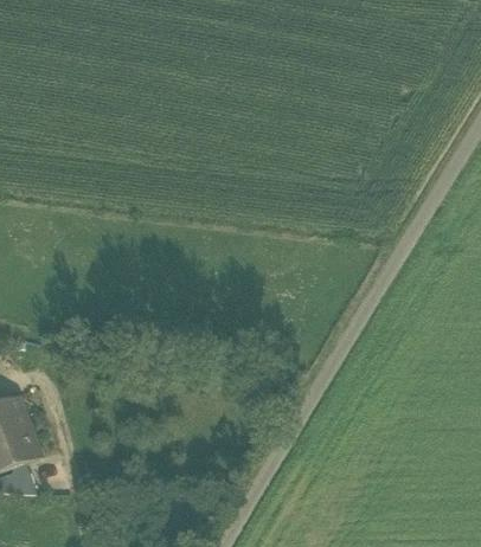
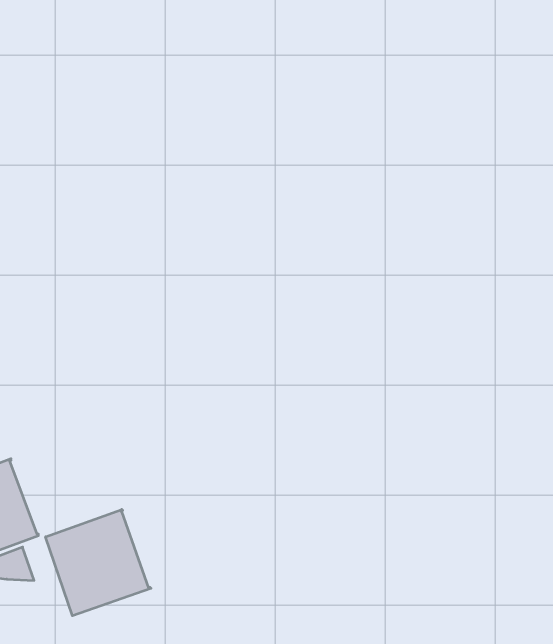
building: none -> [46,509,151,616]

